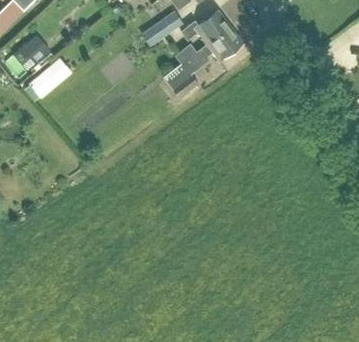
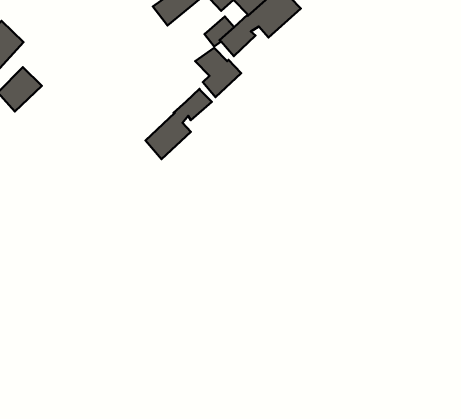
building: none -> [145,89,212,159]

